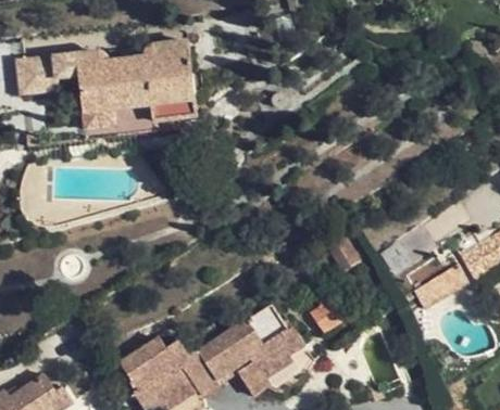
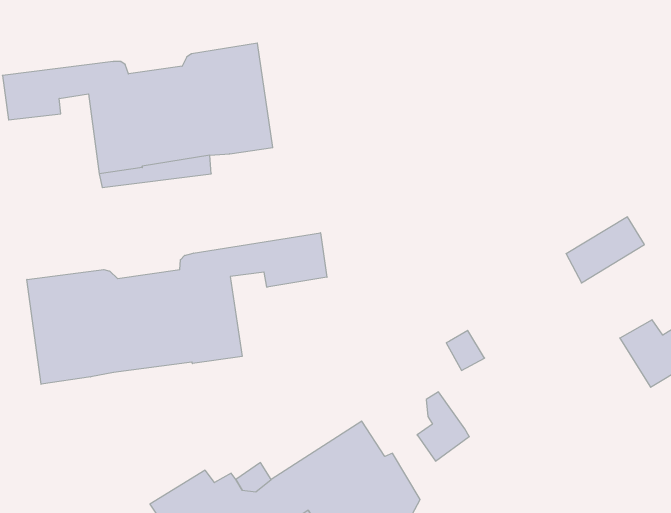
building: none -> [27,233,327,384]
building: [412,262,467,309] -> [566,217,644,283]

